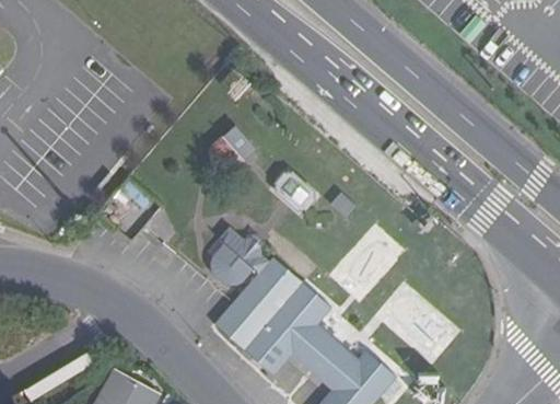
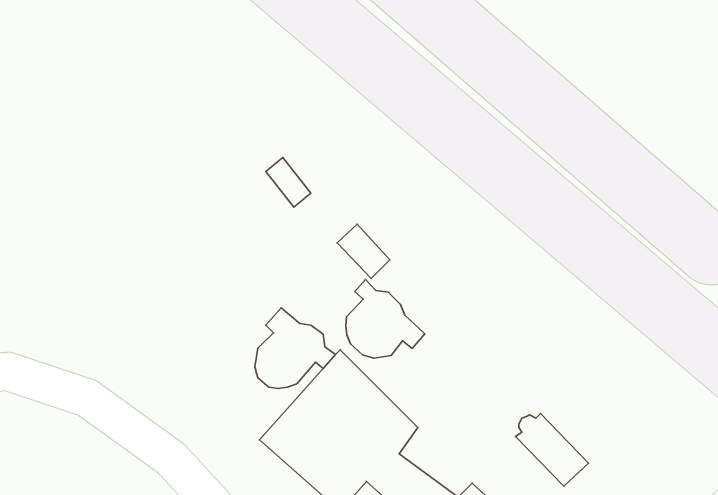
building: none -> [346,280,425,358]

